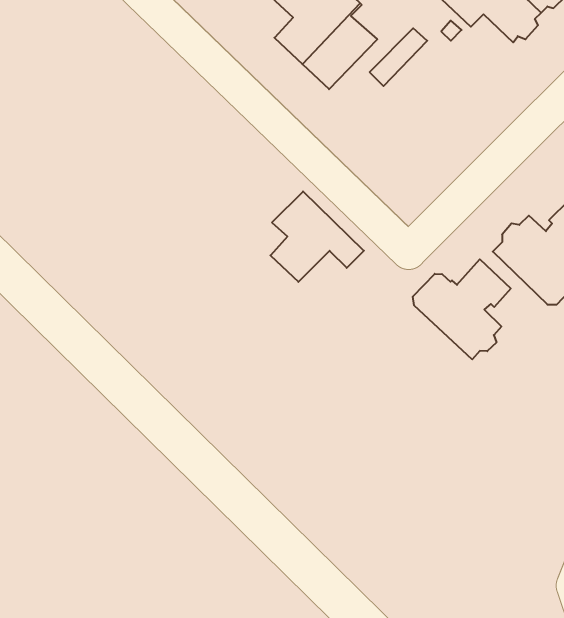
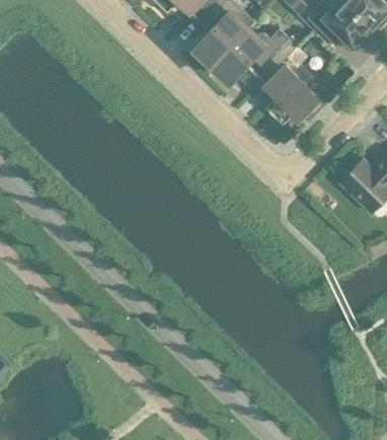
building: [270,191,364,282] -> [265,66,326,125]
building: [413,259,511,359] -> none

